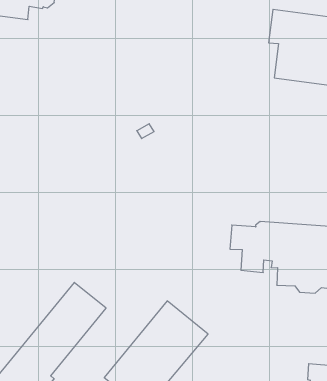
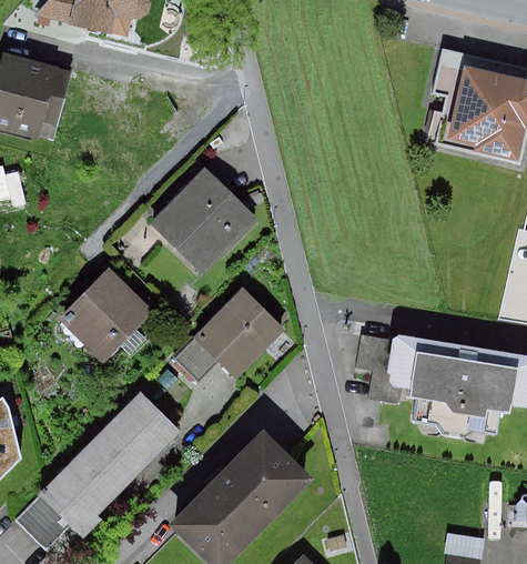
building: none -> [149,168,257,275]
building: none -> [58,268,155,363]
building: none -> [173,288,286,384]

